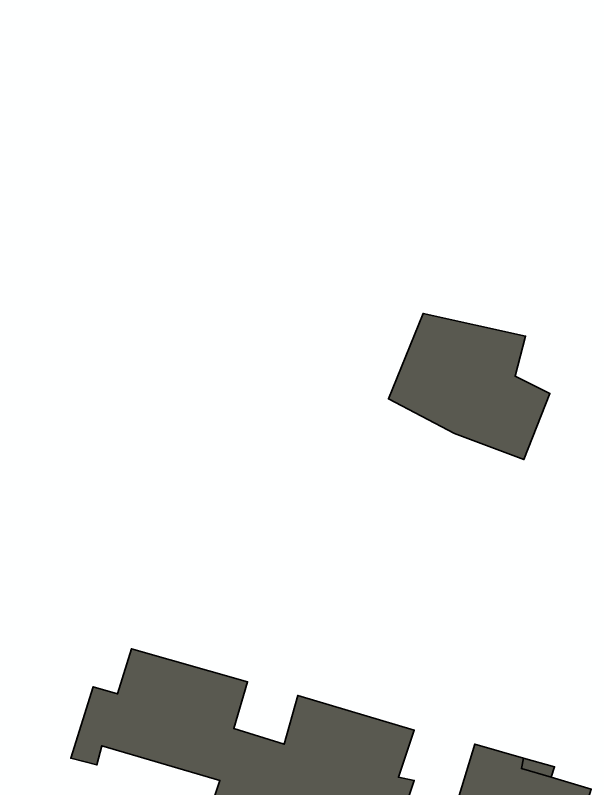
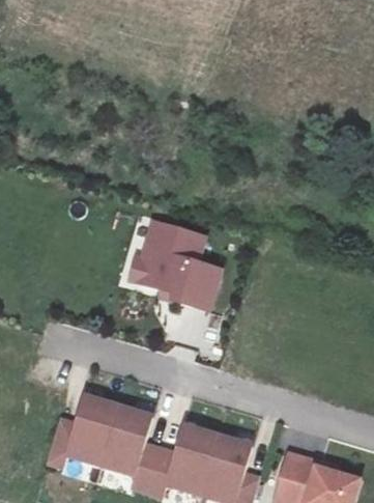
building: [389,314,550,459] -> [130,216,226,303]

